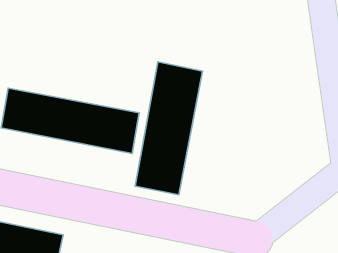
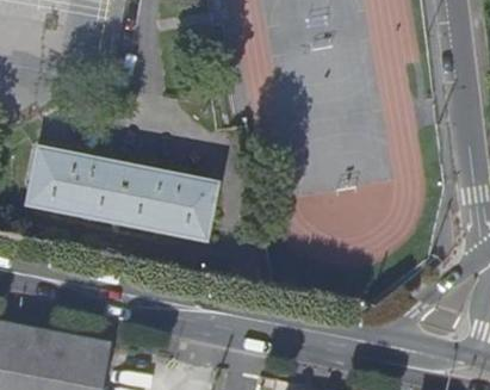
building: [135,62,202,195] -> none

